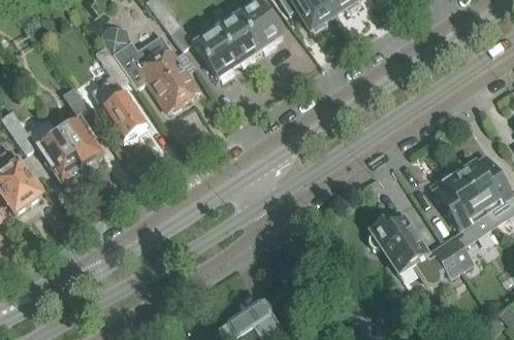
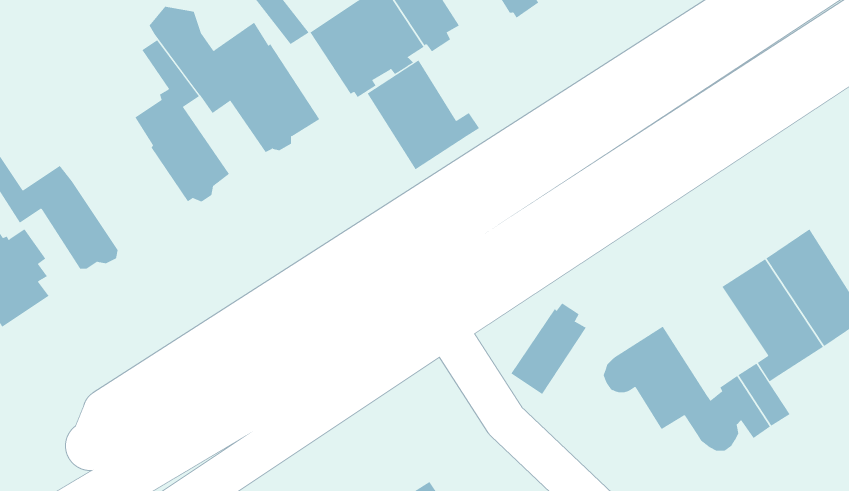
building: none -> [367,60,480,170]
building: [55,86,101,167] -> none
building: none -> [511,302,587,395]

